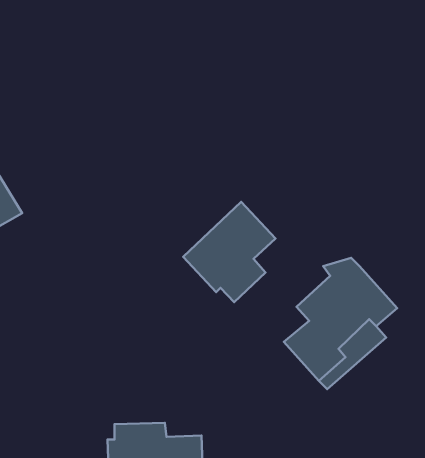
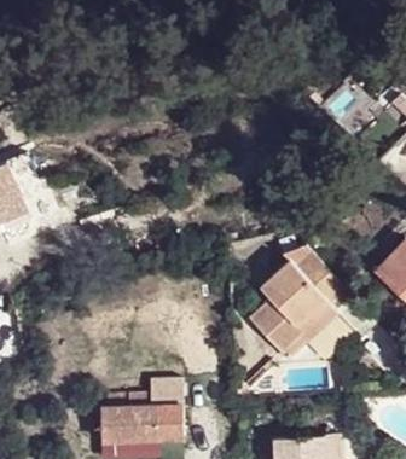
building: [183,202,276,302] -> none

